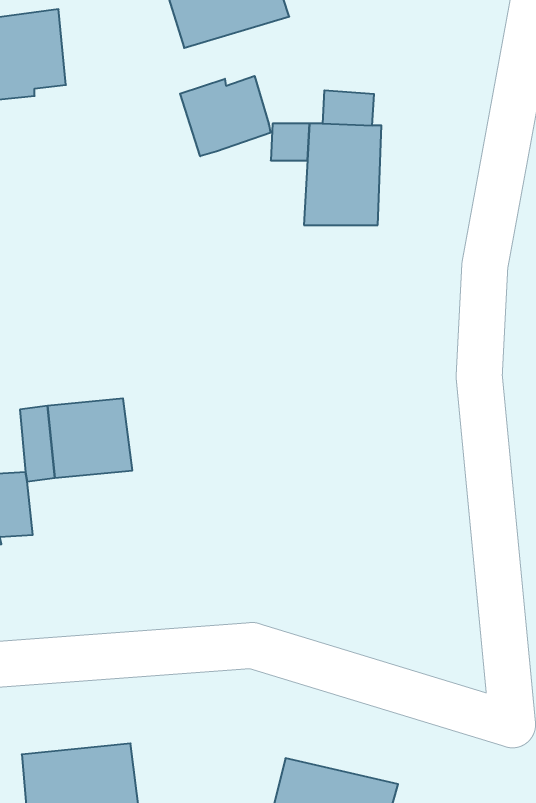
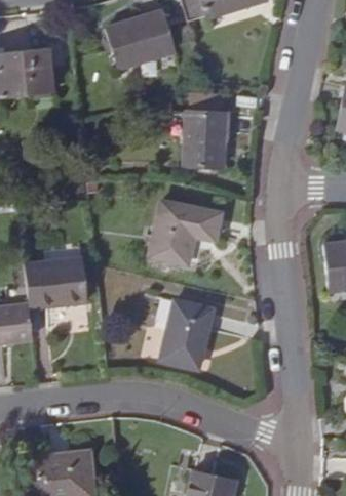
building: [180,76,271,156] -> none
building: none -> [150,199,219,262]
building: none -> [159,300,207,370]

